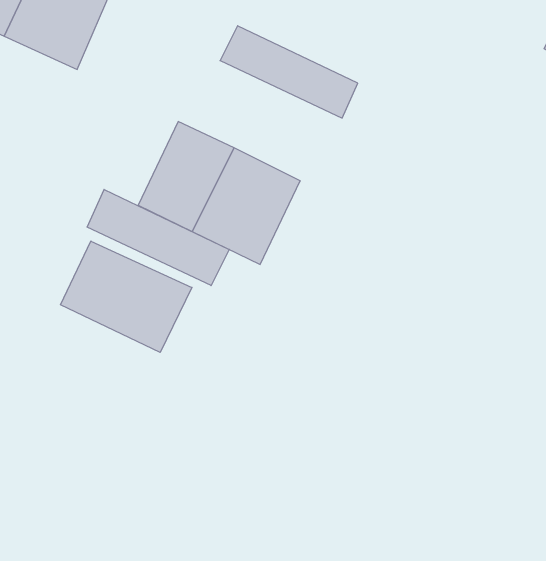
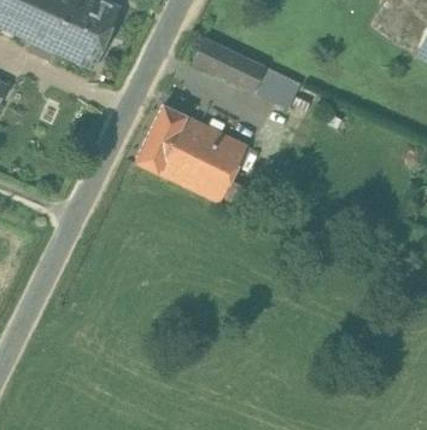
building: [87,189,229,286] -> none
building: [61,241,192,352] -> none

